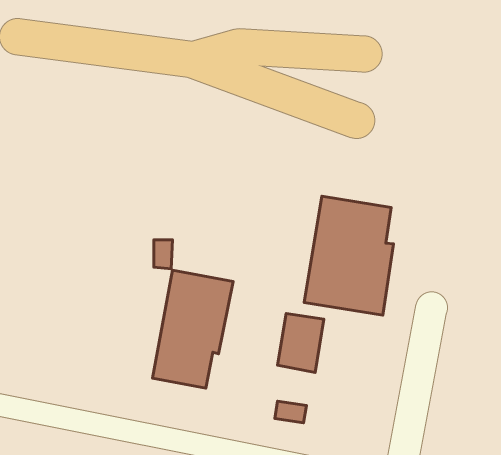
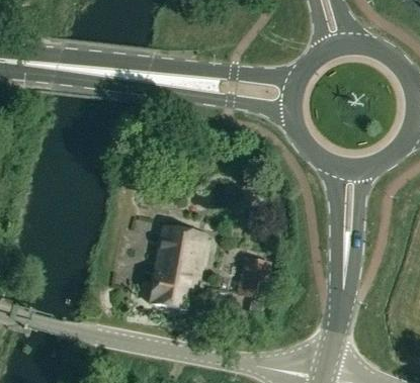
building: [304,196,394,315] -> none

